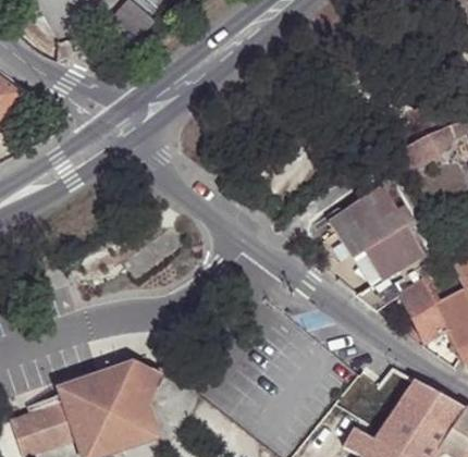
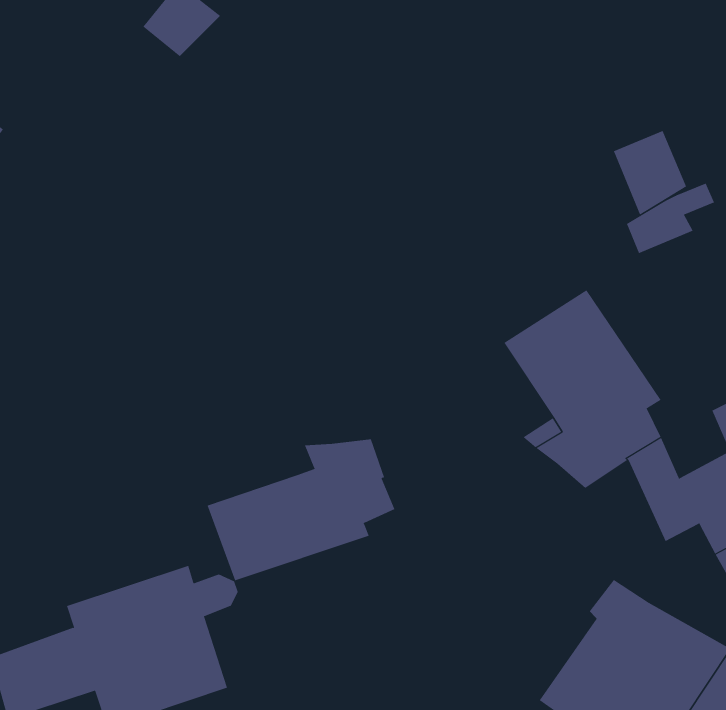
building: none -> [613,130,687,216]
building: none -> [207,438,395,581]

